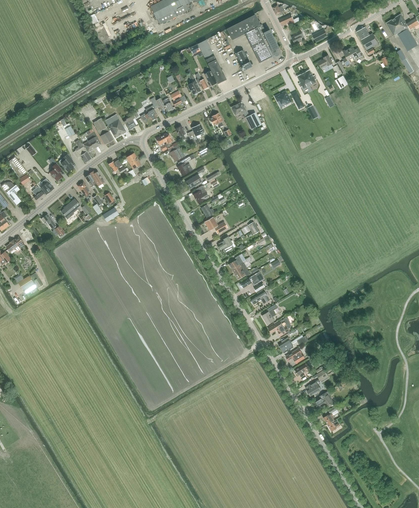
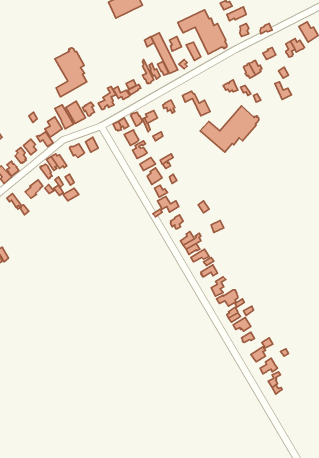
building: none -> [55,48,87,97]
building: none -> [200,106,259,152]

